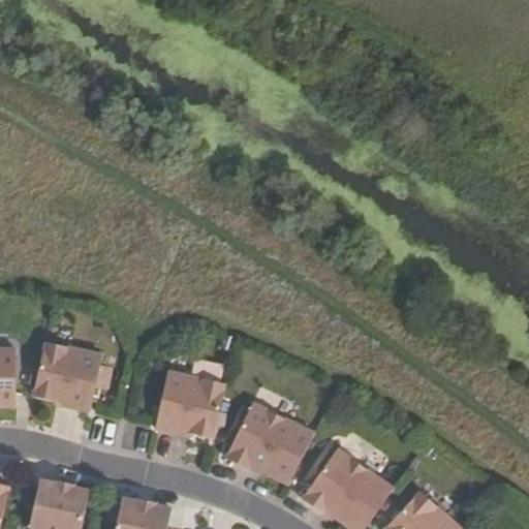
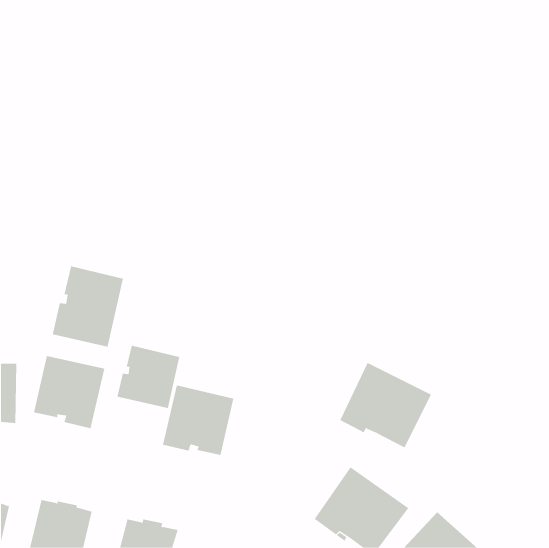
building: none -> [52,266,123,348]
building: none -> [117,345,180,409]
building: [225,402,314,485] -> [339,362,432,448]

